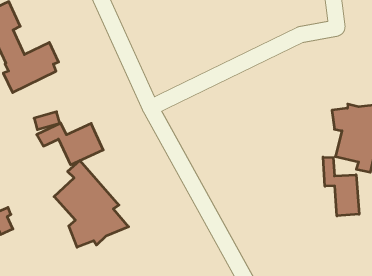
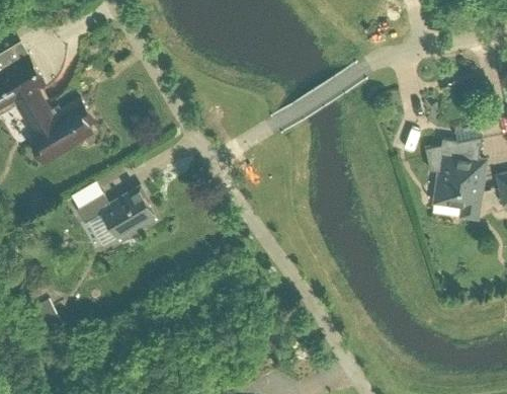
building: [323,157,359,216] -> none
building: [54,160,129,247] -> none

